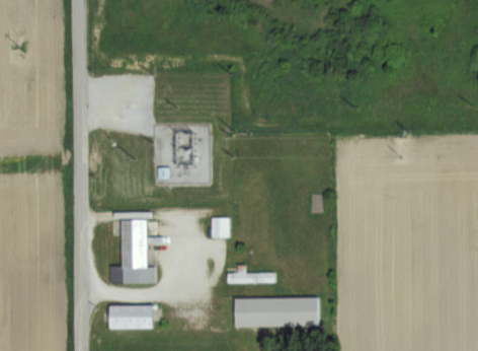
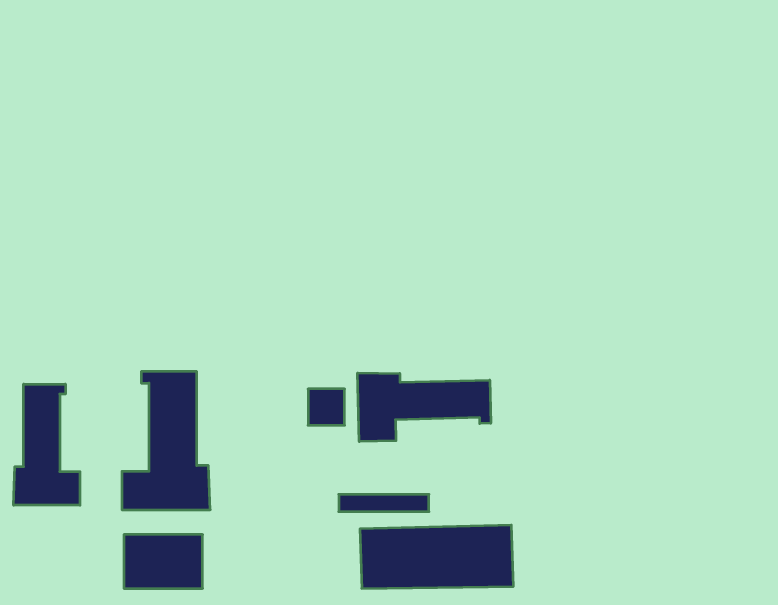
building: none -> [358,373,491,442]
building: none -> [14,384,80,505]

